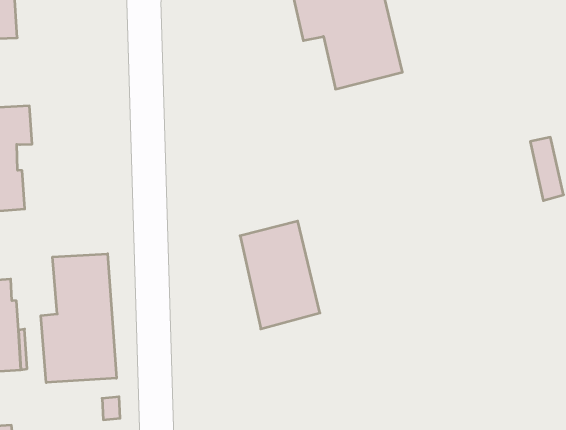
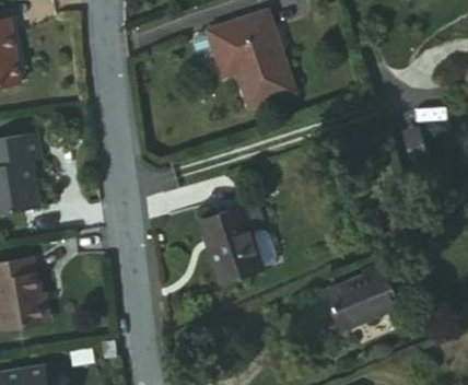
building: [41,254,116,383] -> none
building: none -> [318,257,391,327]

